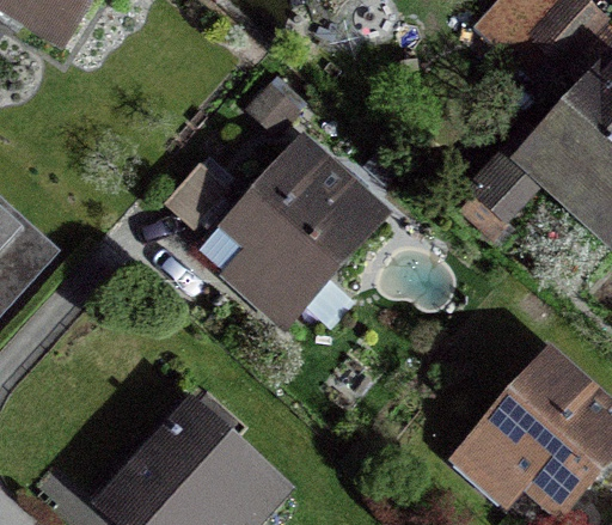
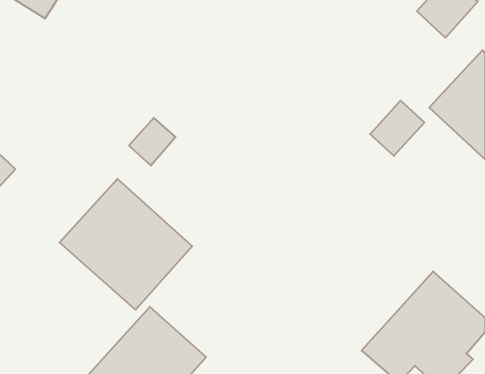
building: [225,144,377,323] -> none
building: none -> [59,179,192,310]

